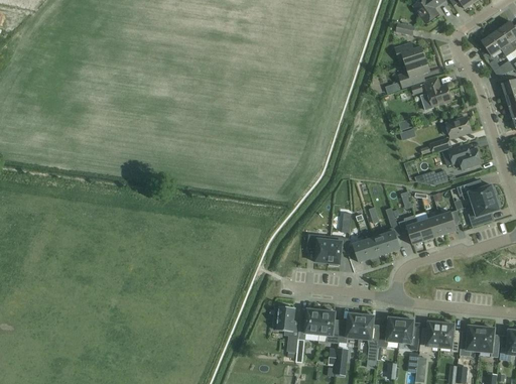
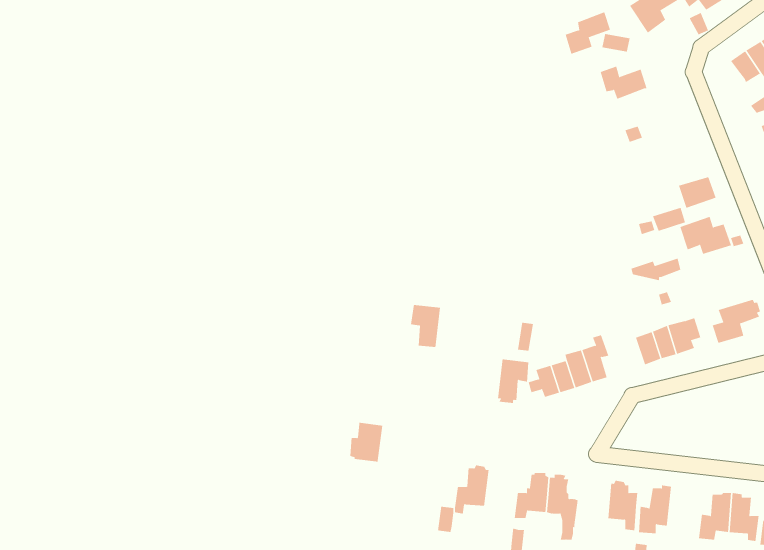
building: [398,59,428,88] -> [565,11,611,54]
building: [426,79,452,106] -> none
building: [458,181,497,205] -> none
building: [399,215,424,244] -> none
building: [310,235,331,263] -> [410,304,441,347]
building: [274,305,296,332] -> [349,422,383,462]
building: [319,308,341,342] -> none
building: [379,315,402,346] -> none
building: [439,321,461,351] -> none

